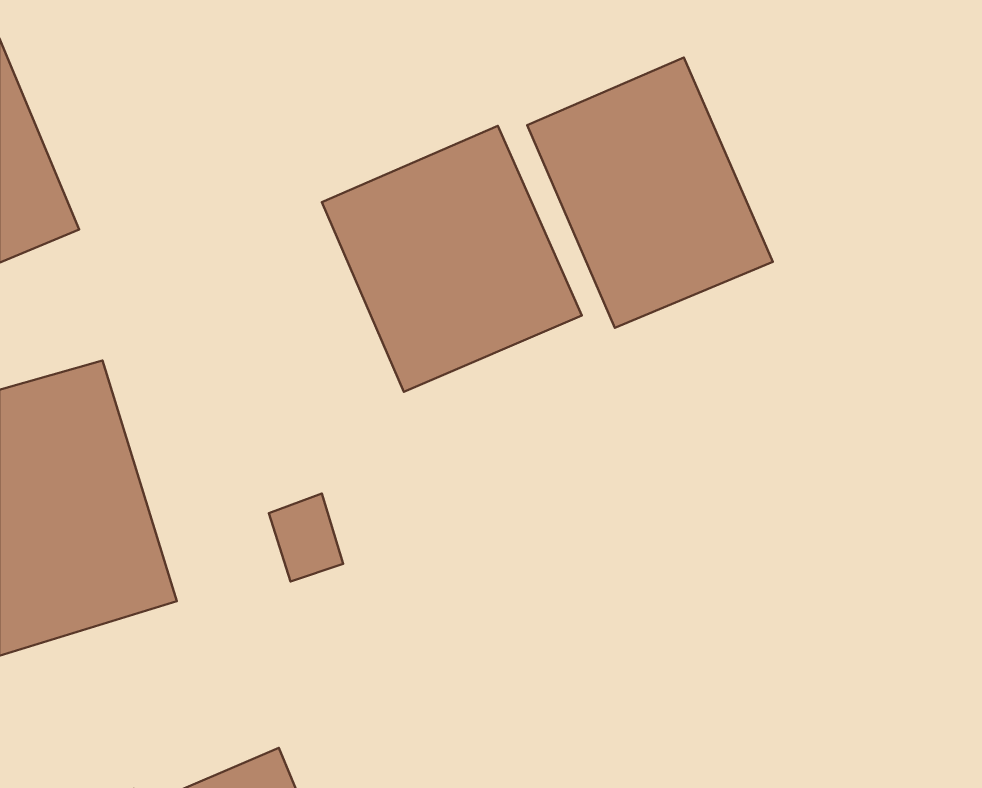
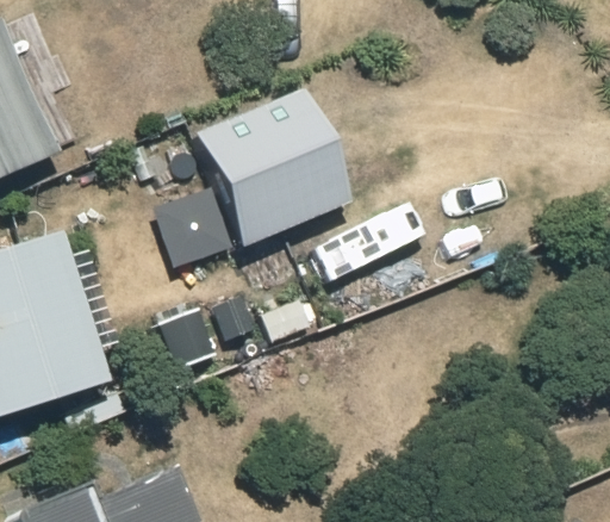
building: [527,57,773,328] -> none

